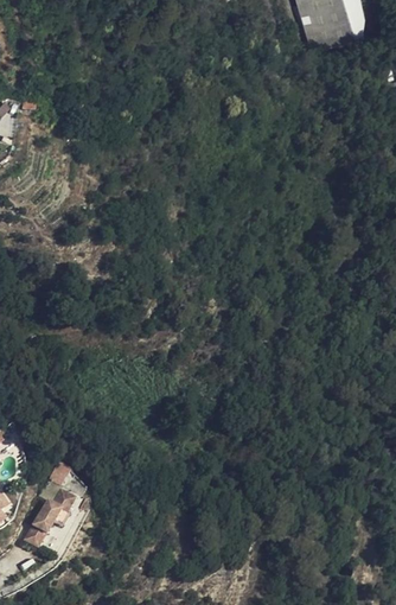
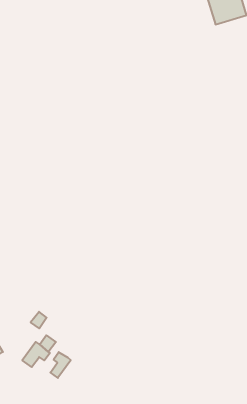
building: none -> [50,352,71,378]

